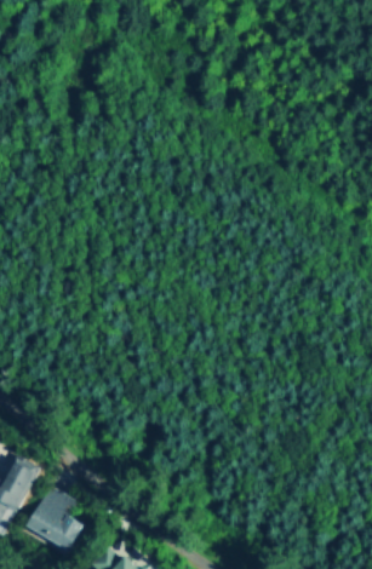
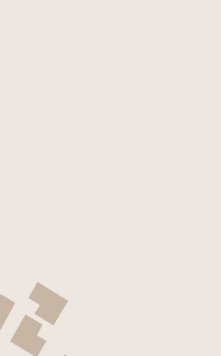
building: none -> [28,281,69,326]

